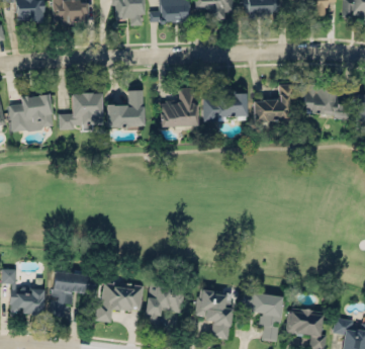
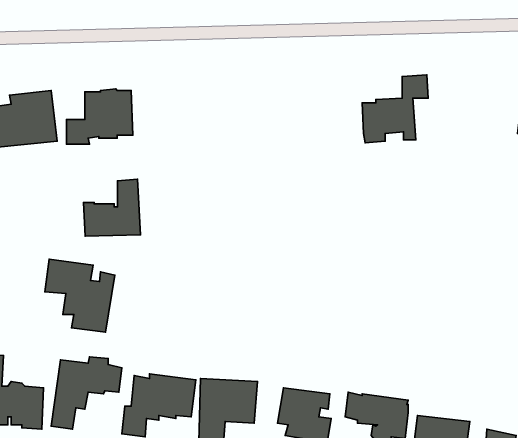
building: [302,86,349,115] -> none
building: [161,88,197,127] -> none
building: [106,90,144,127] -> [84,179,140,236]
building: [202,92,247,121] -> none
building: none -> [45,259,115,332]

